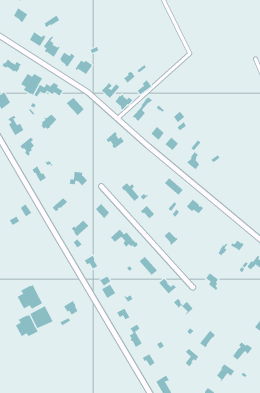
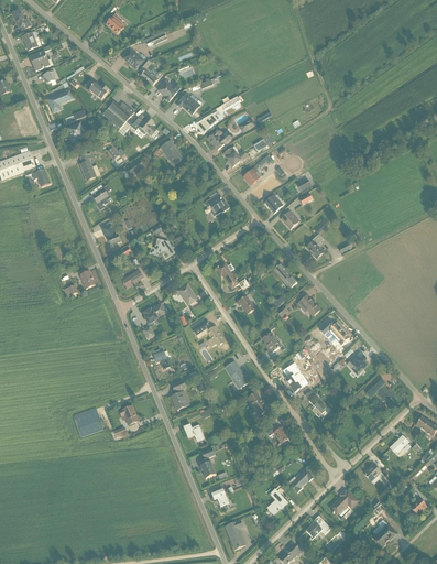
building: [17,285,43,309] -> none
building: [15,314,38,337] -> none

